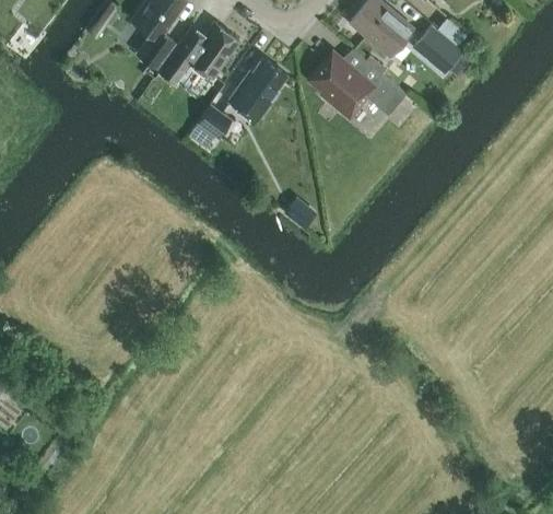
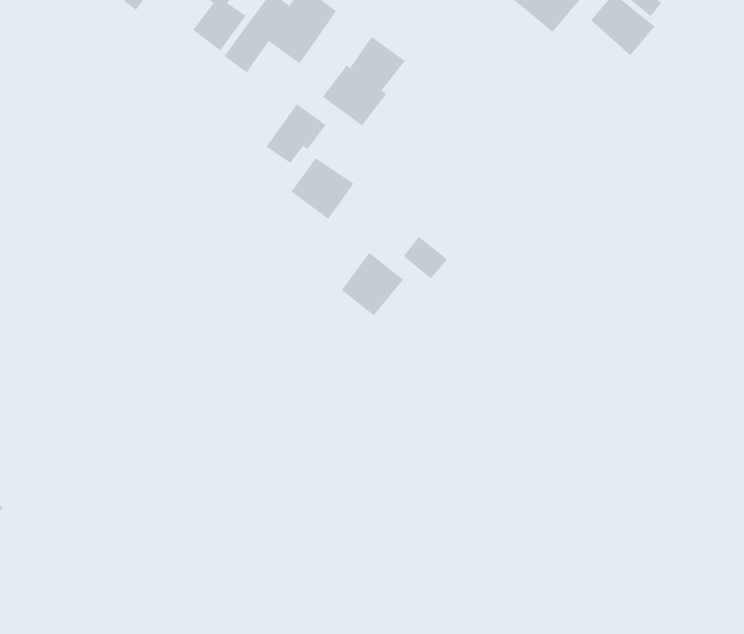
building: [309,52,405,118] -> none
building: none -> [291,157,355,220]
building: none -> [341,252,404,316]

